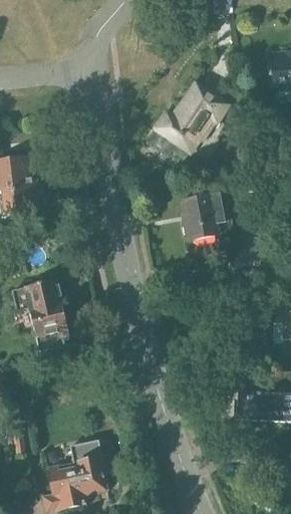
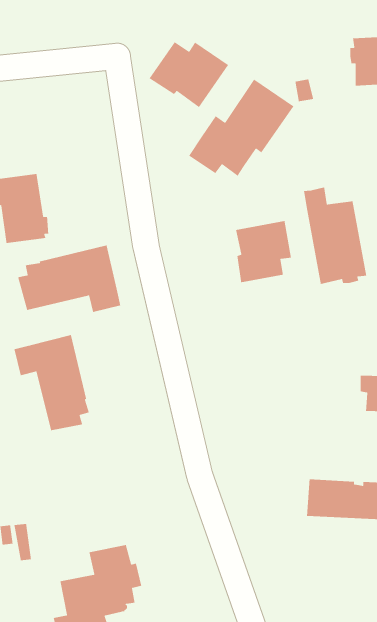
building: none -> [149,41,229,108]
building: none -> [303,187,367,285]
building: none -> [17,245,121,313]

